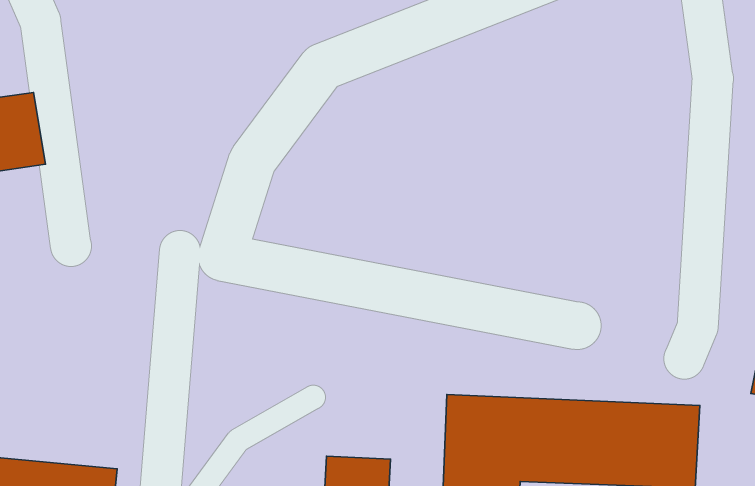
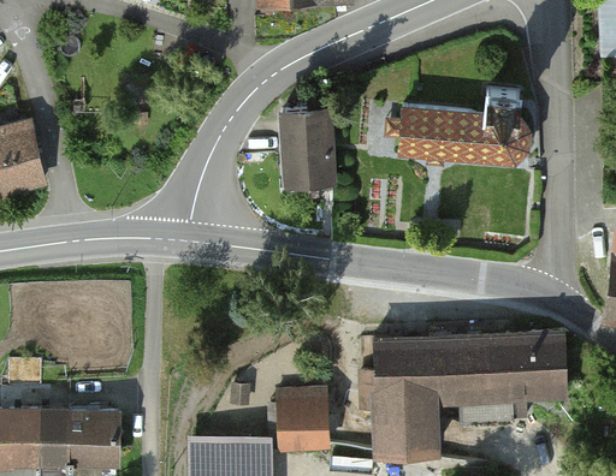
building: none -> [397,90,529,165]
building: none -> [282,120,338,192]

